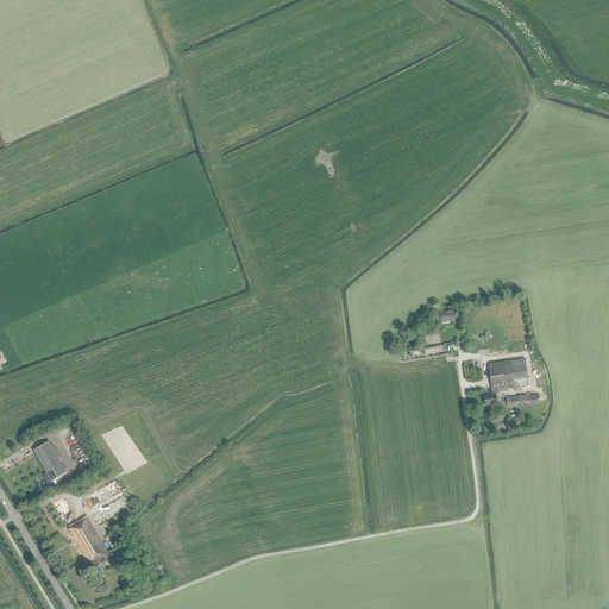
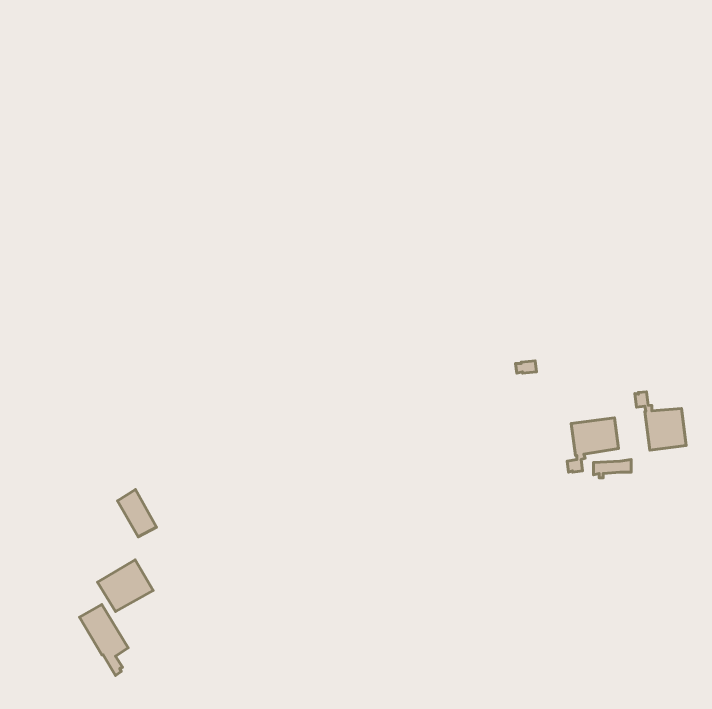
building: none -> [635,392,686,450]
building: [33,439,67,479] -> [117,490,156,537]

